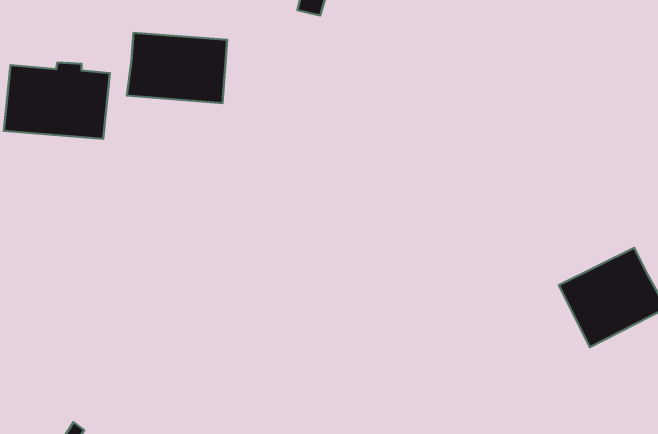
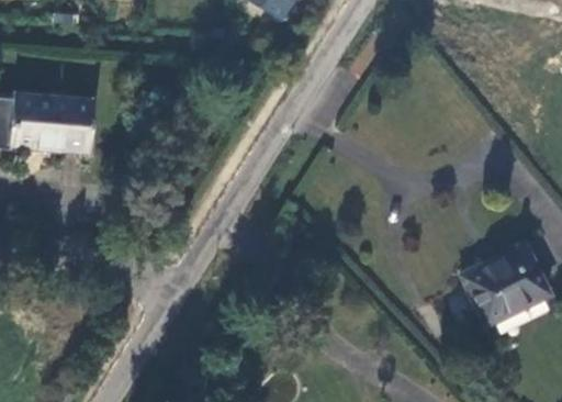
building: [127,33,227,103] -> none

